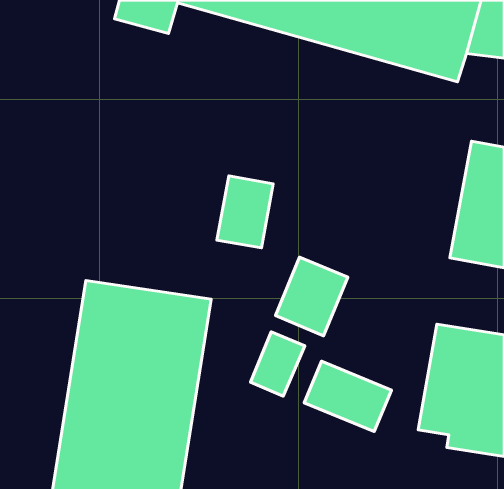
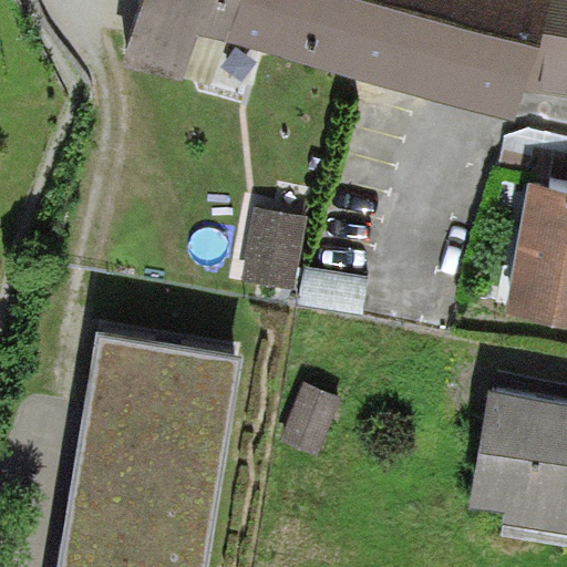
building: [276,257,348,336] -> none
building: [304,361,392,432] -> none

